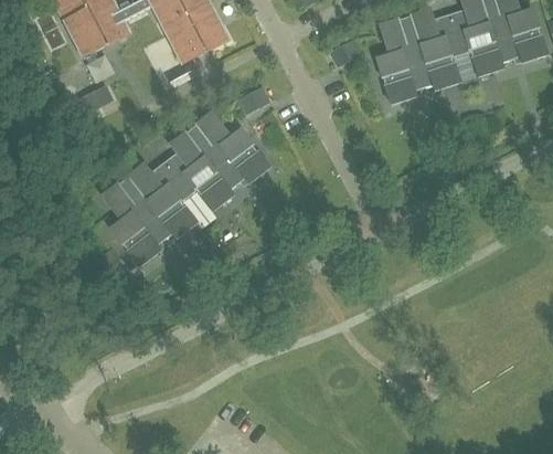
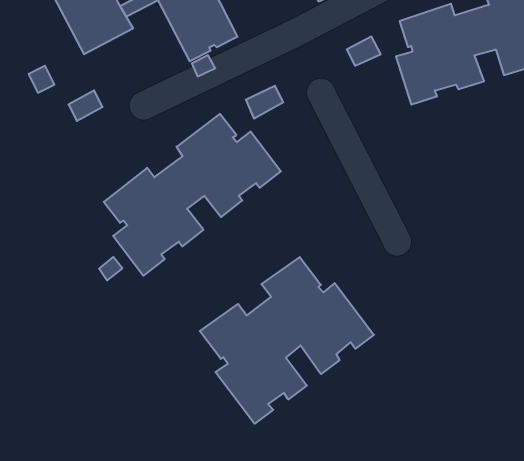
building: none -> [200,257,374,424]

